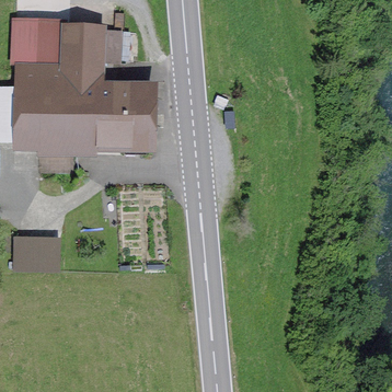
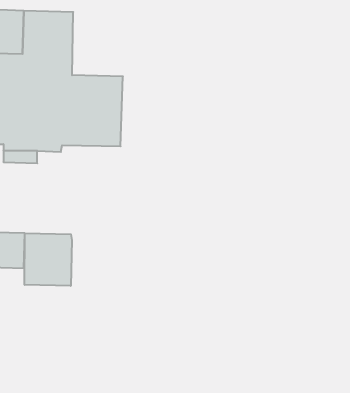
building: none -> [25,233,72,286]

